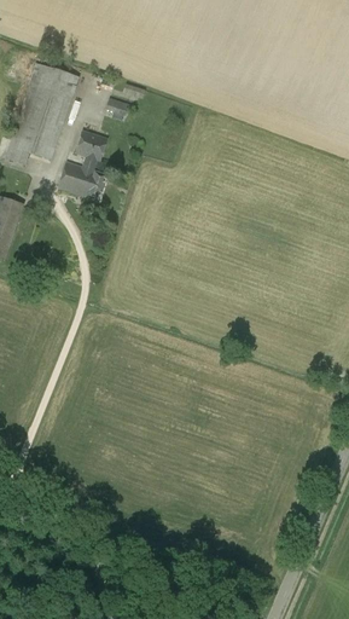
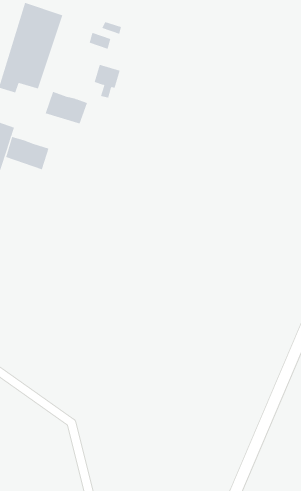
building: [76,132,106,170] -> [94,64,121,98]
building: none -> [6,136,49,170]

